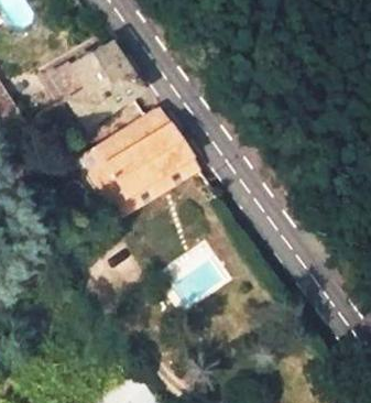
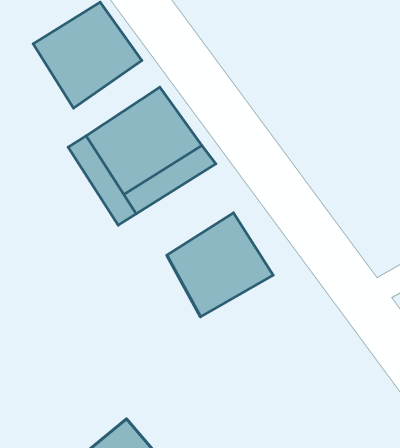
building: none -> [167,213,273,317]

